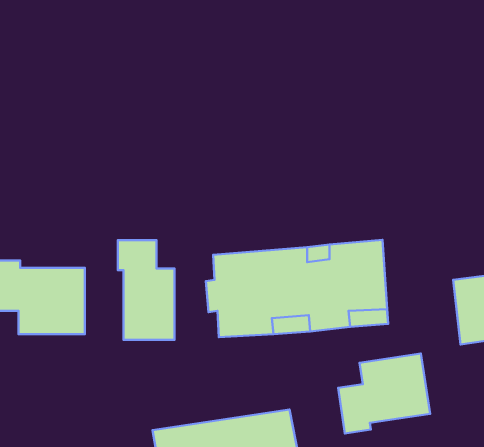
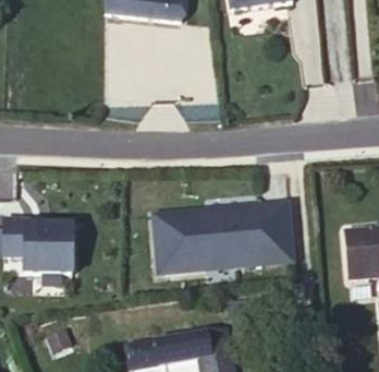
building: [118,240,175,340] -> none
building: [338,354,430,433] -> none

